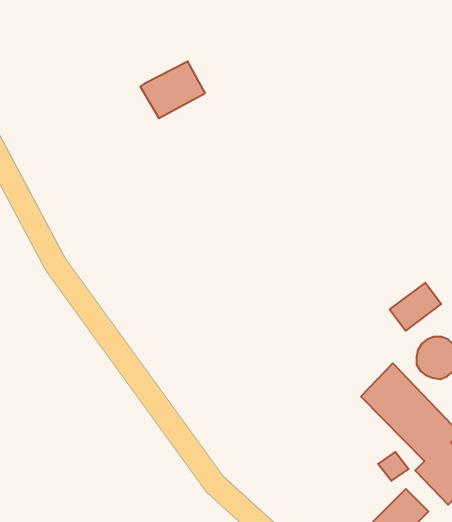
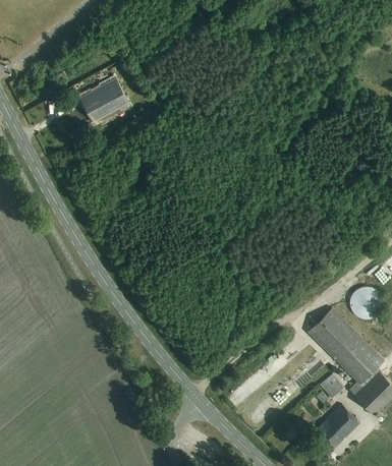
building: [140,61,205,118] -> [78,78,128,122]
building: [390,283,441,331] -> none

